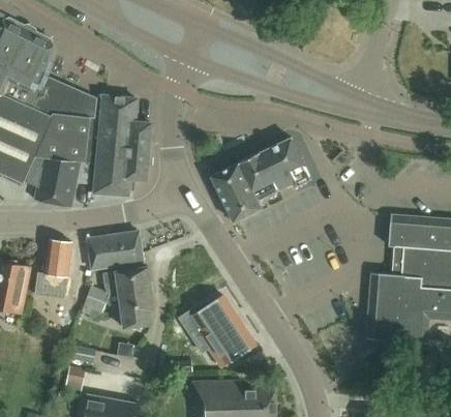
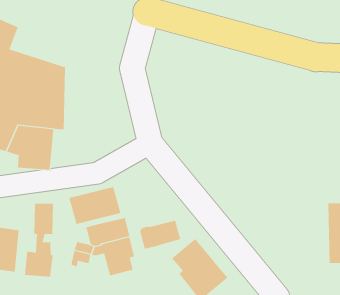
building: [89,95,150,195] -> none
building: [210,138,310,221] -> none
building: none -> [140,220,181,250]

